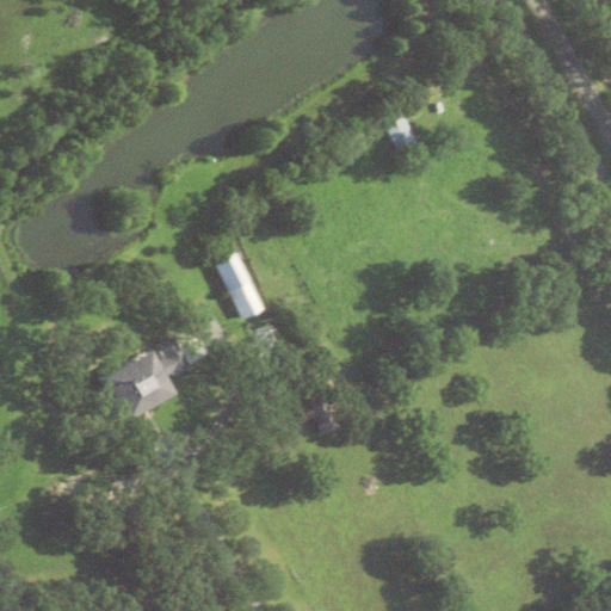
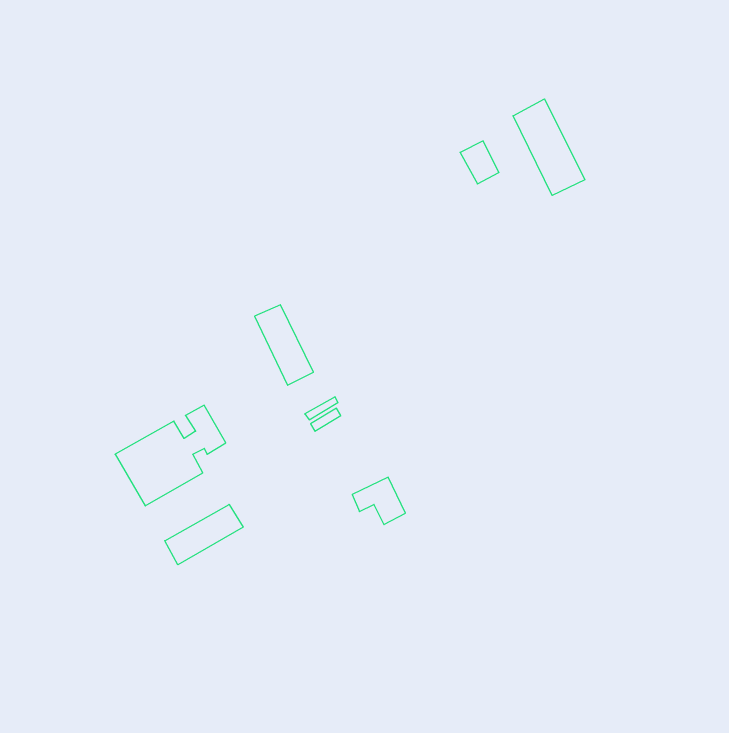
building: none -> [513,99,585,195]
building: none -> [165,504,243,565]

